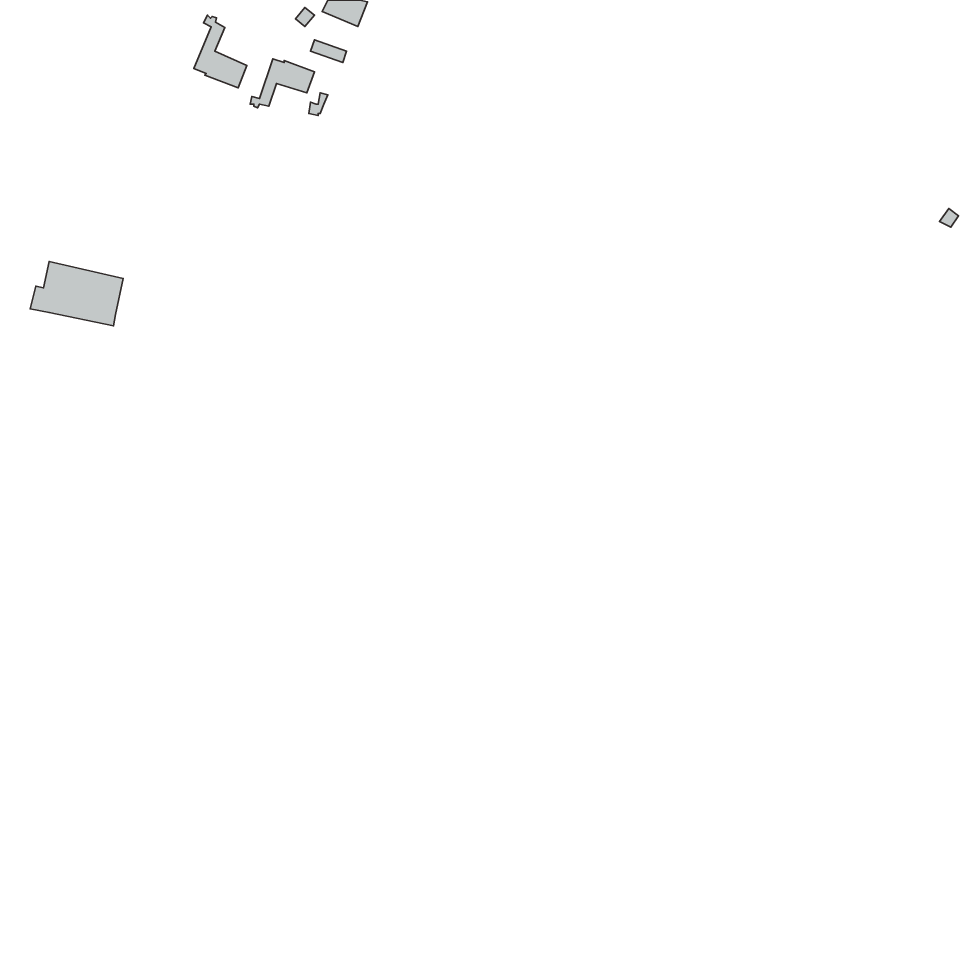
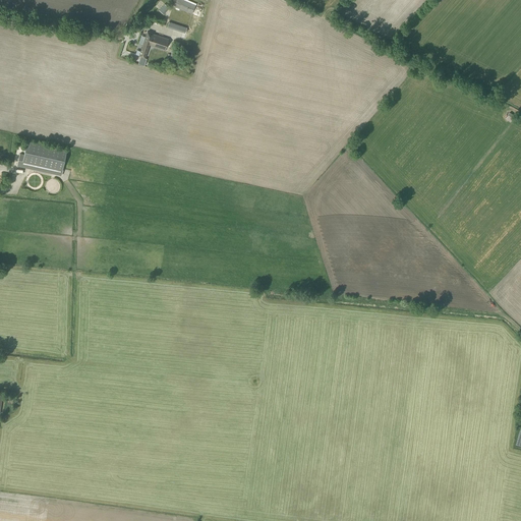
building: [194,15,247,88] -> none

